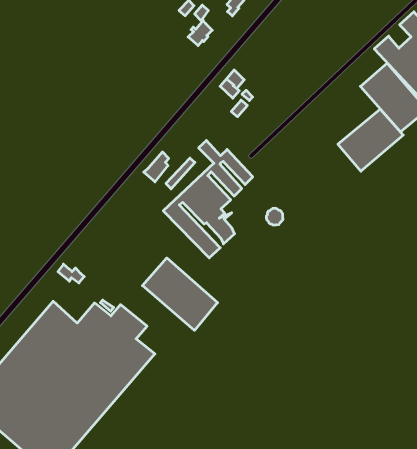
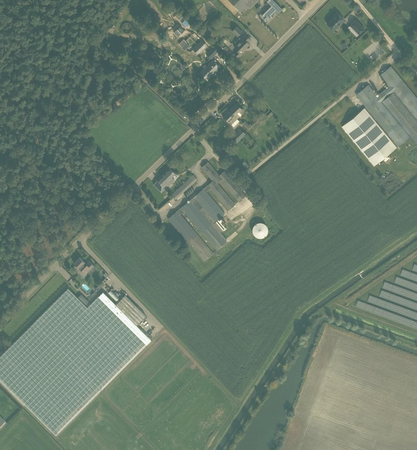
building: [338,109,403,171] -> none
building: [142,258,218,330] -> none

